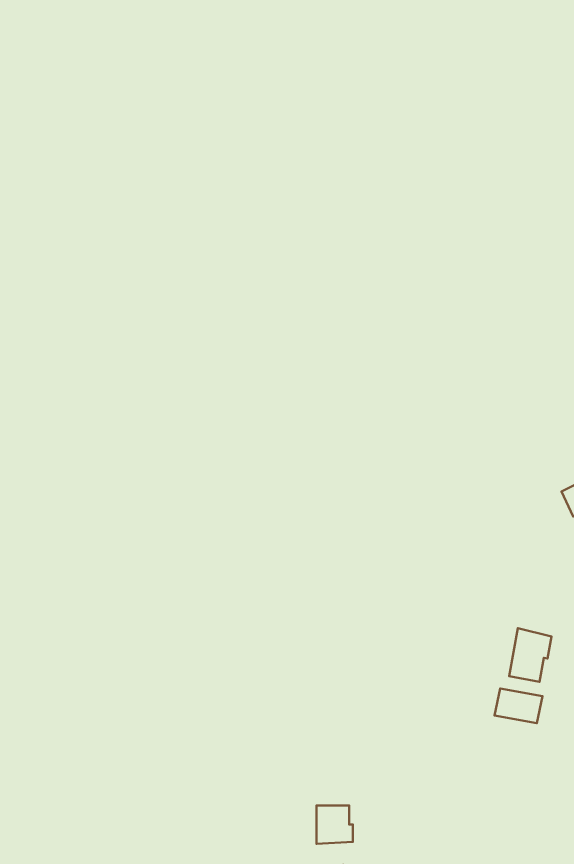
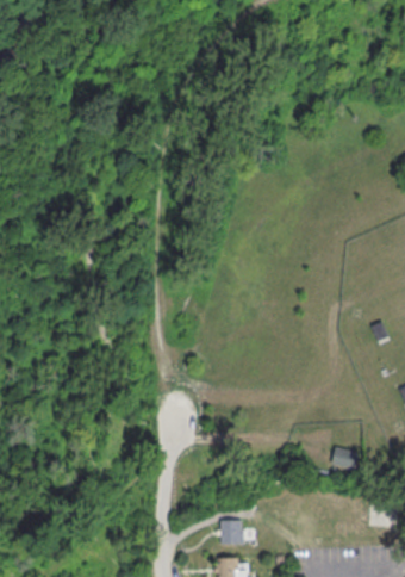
building: [509,628,552,682] -> none

